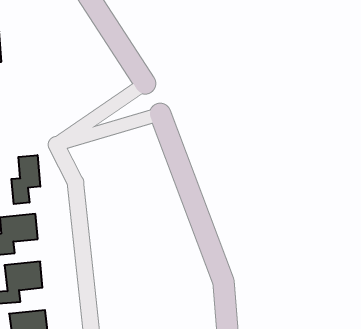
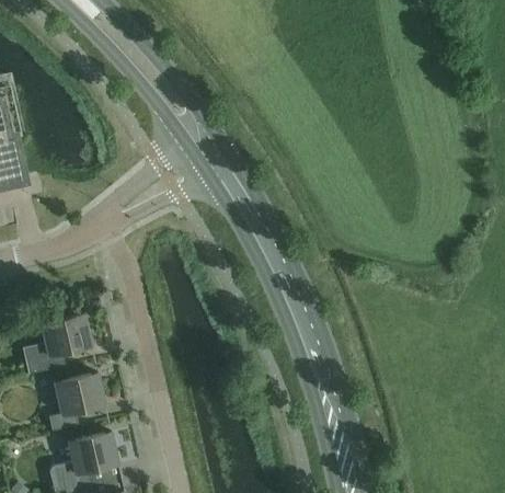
building: [11,155,40,204] -> none

